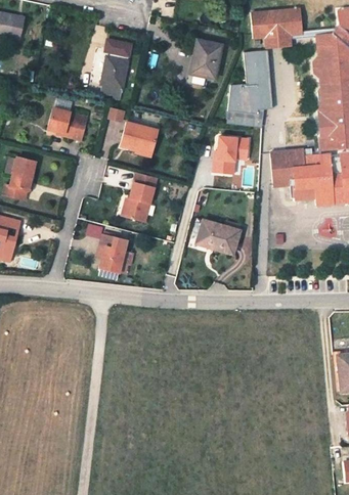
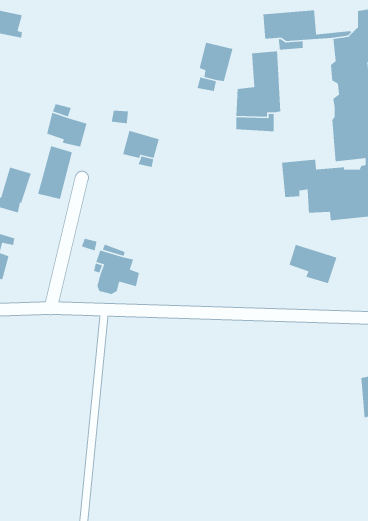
building: [102,41,134,99] -> none
building: [212,133,249,170] -> none
building: [118,174,150,224] -> [37,145,73,200]
building: [191,220,236,257] -> [288,244,338,284]

